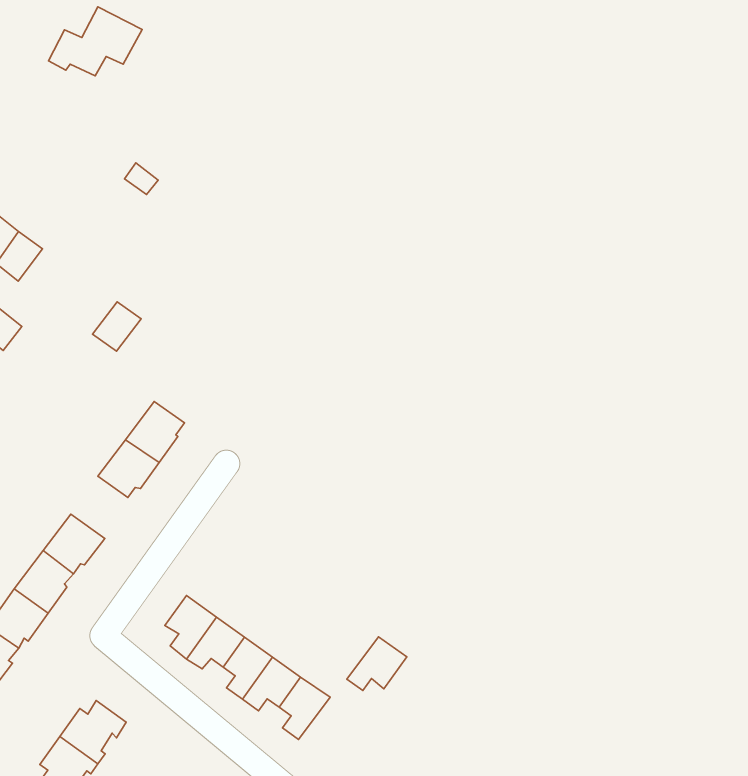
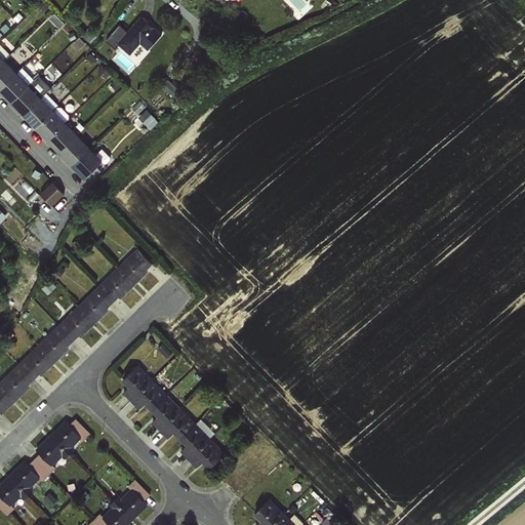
building: [92,302,141,351] -> [69,150,98,178]
building: none -> [77,287,112,324]
building: [347,637,407,691] -> [188,438,225,469]

